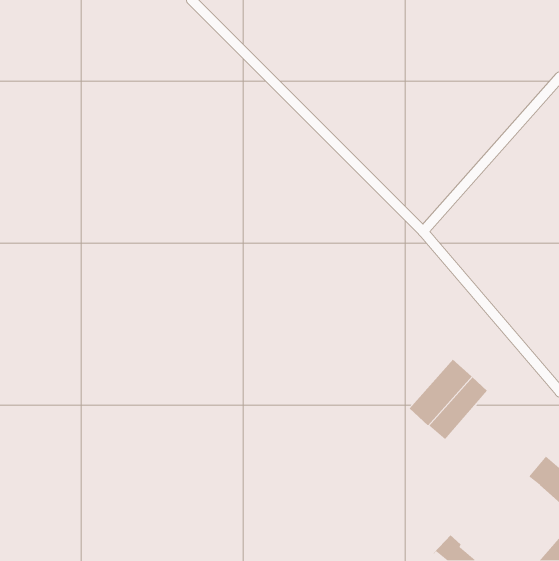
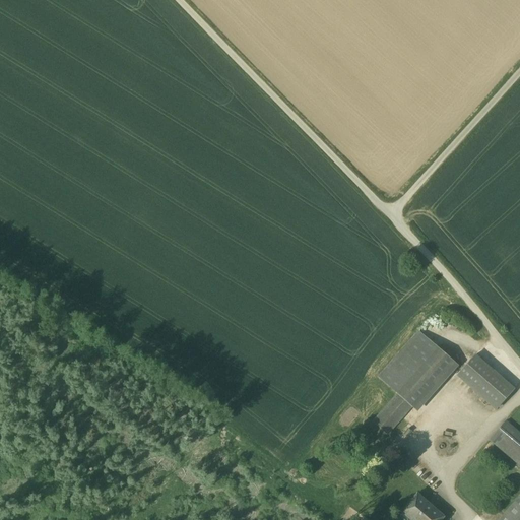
building: none -> [459,355,515,408]
building: none -> [375,394,413,434]

